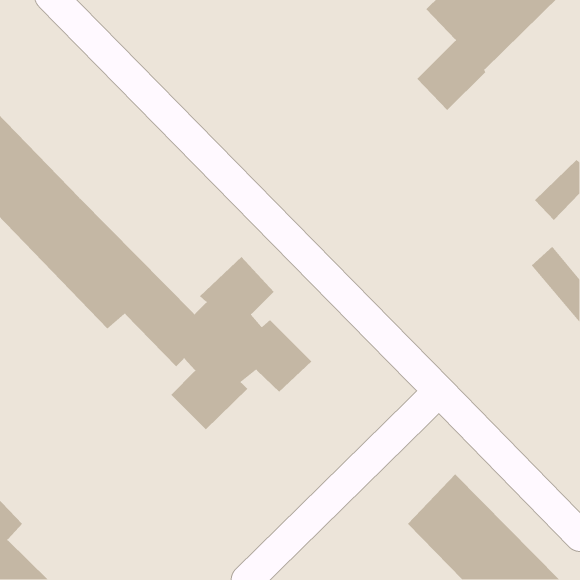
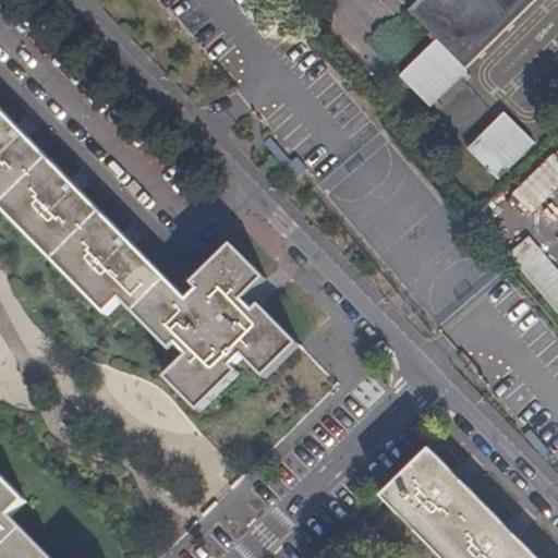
building: none -> [465,112,531,177]

